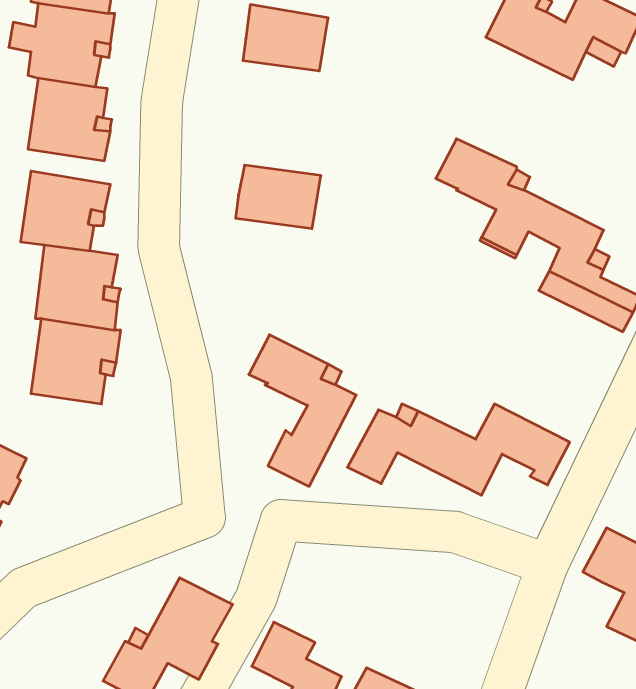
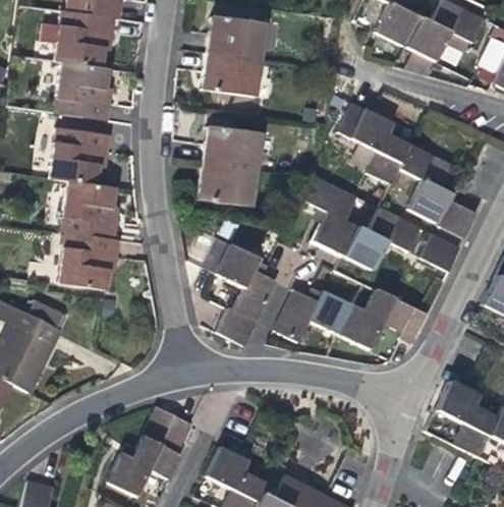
building: none -> [199,51,257,96]
building: none -> [193,160,251,206]
building: none -> [306,179,423,272]
building: none -> [423,234,462,272]

